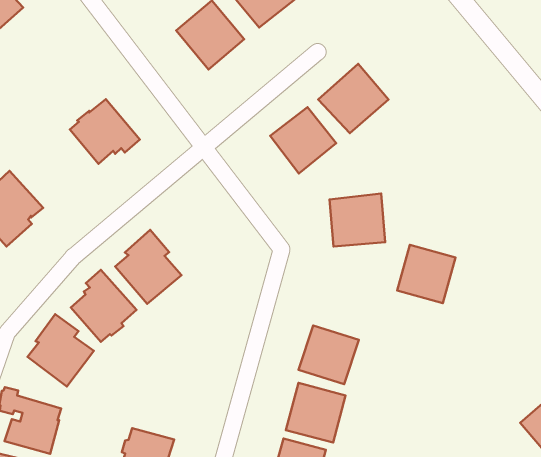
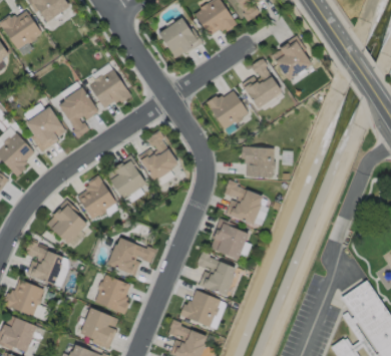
building: none -> [273,40,313,80]
building: none -> [57,88,97,139]
building: none -> [136,129,176,181]
building: [397,245,455,303] -> [227,187,265,225]
building: none -> [106,237,155,275]

